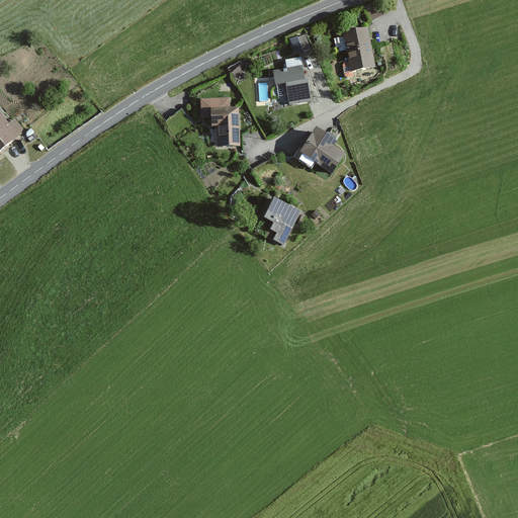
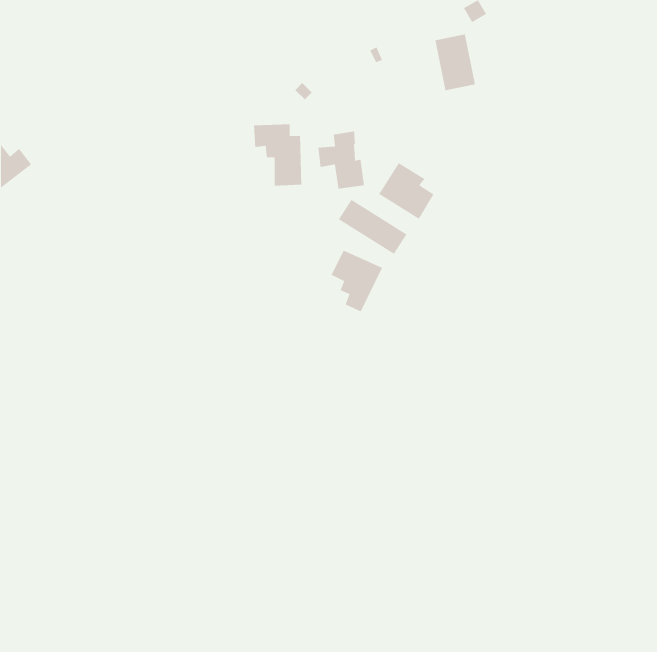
building: [272,57,310,103] -> [317,130,365,190]
building: none -> [338,199,408,255]

